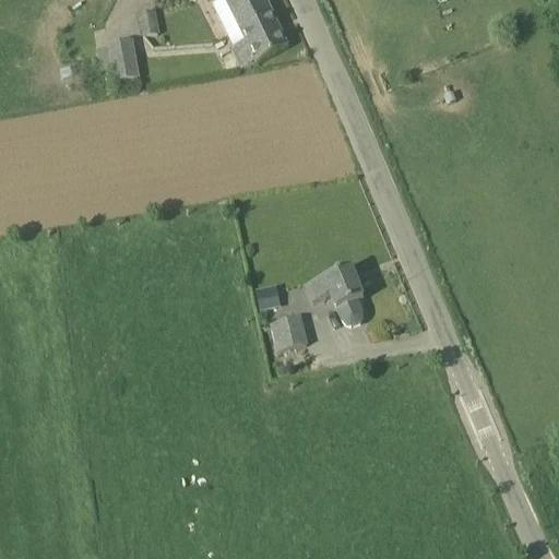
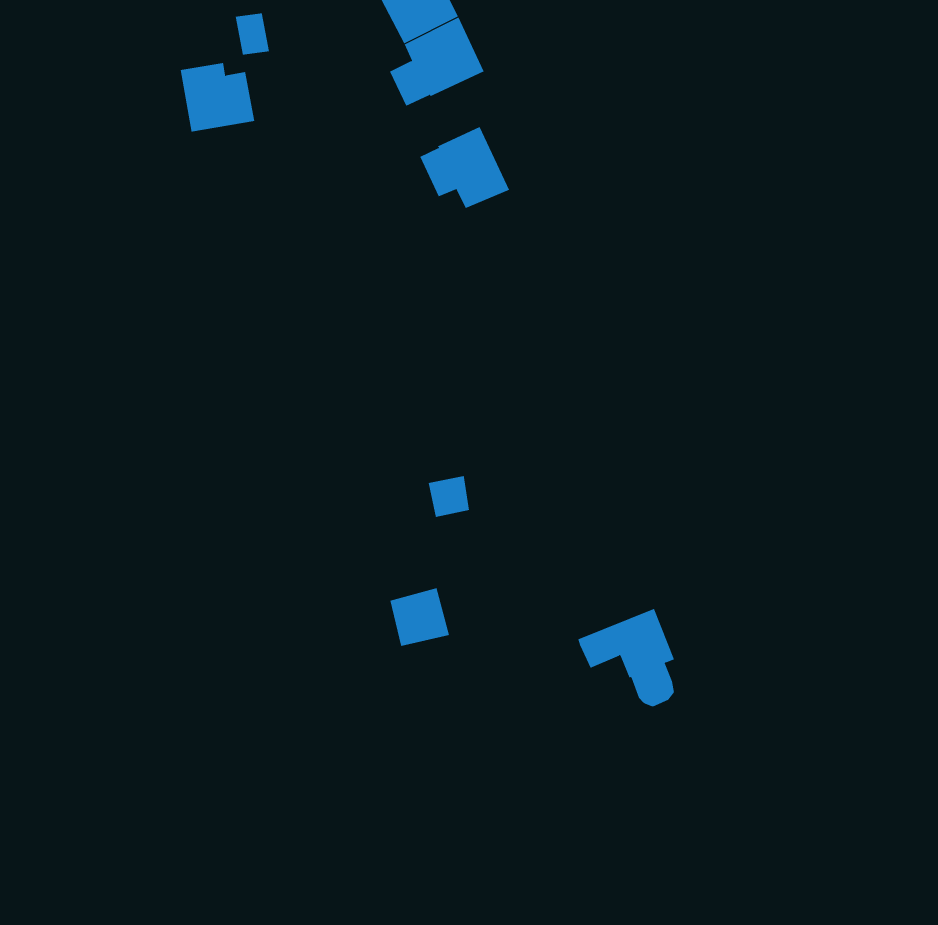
building: none -> [420,126,510,209]
building: [306,264,364,323] -> [577,608,675,707]
building: [271,313,307,348] -> [389,588,450,646]

